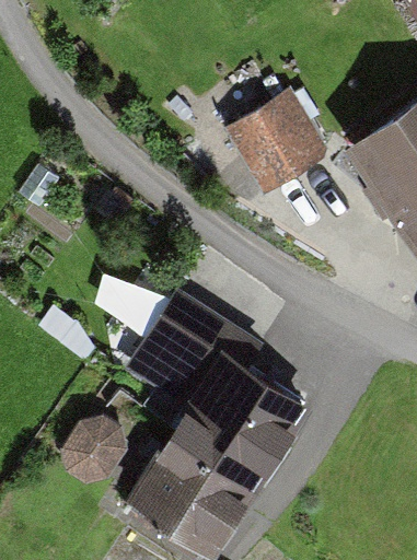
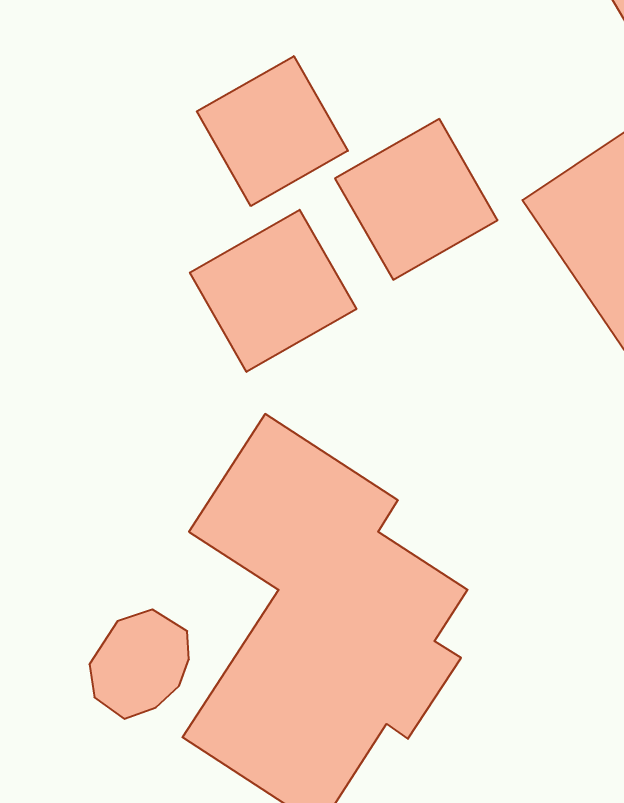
building: none -> [197,56,348,206]
building: none -> [190,210,356,372]

